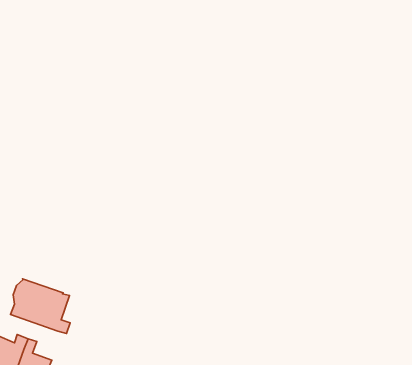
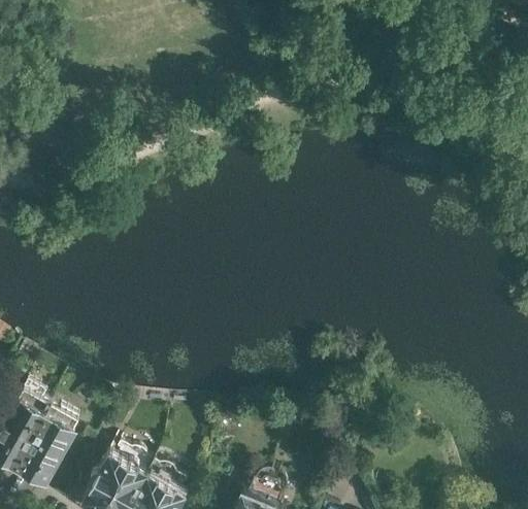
building: [11,279,70,333] -> none

